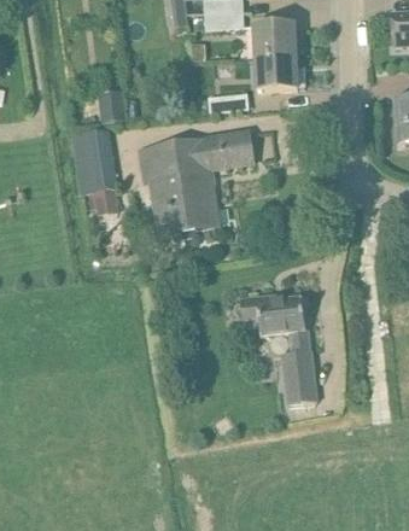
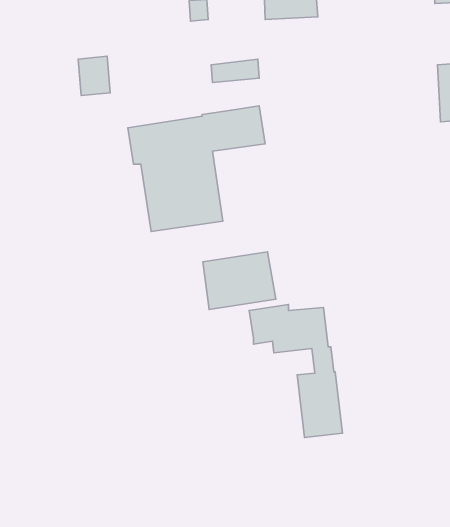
building: [253,57,306,91] -> none
building: [74,130,118,208] -> none
building: none -> [203,252,276,310]

